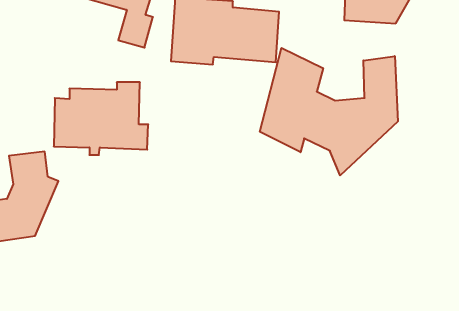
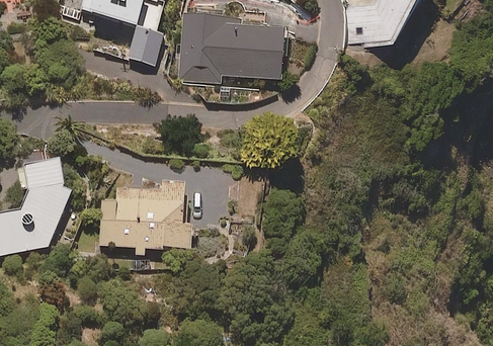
building: [260,48,398,175] -> none
building: [54,82,148,155] -> [98,185,189,255]

